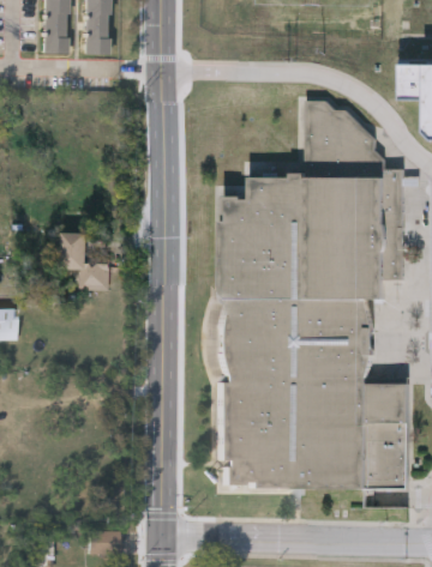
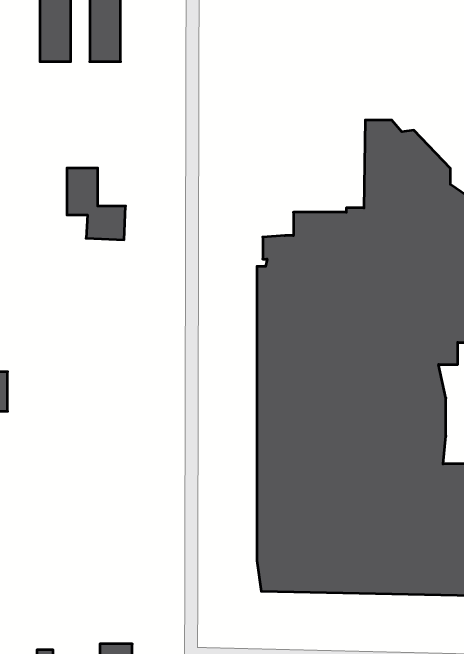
building: [64,229,112,288] -> [67,168,126,240]

